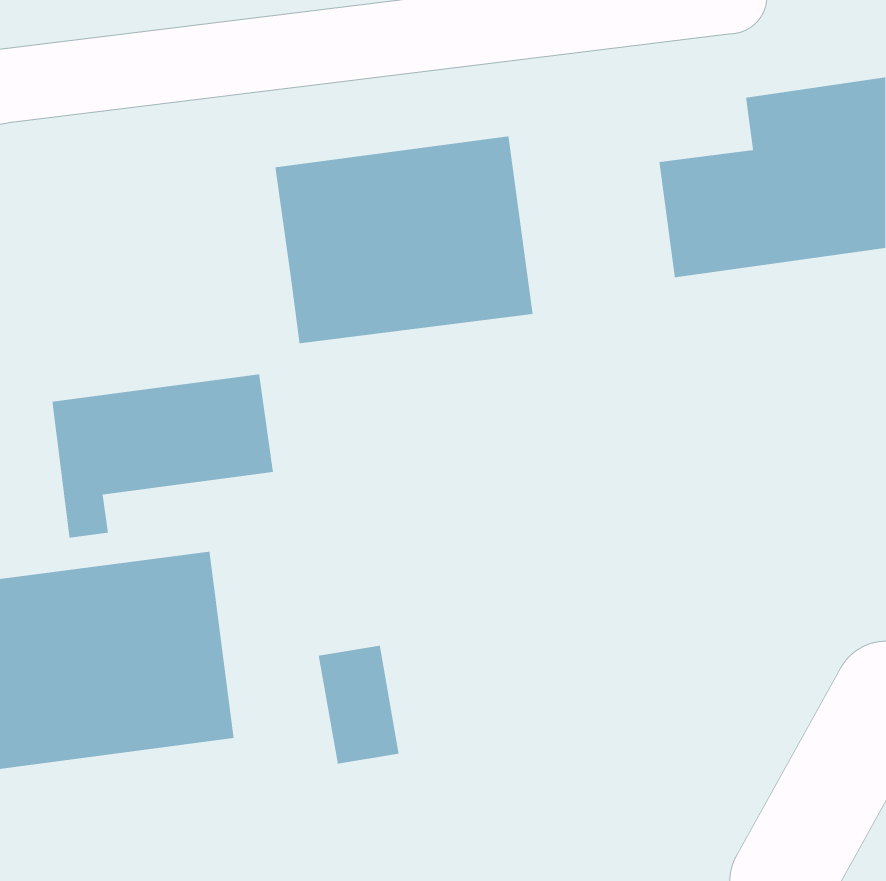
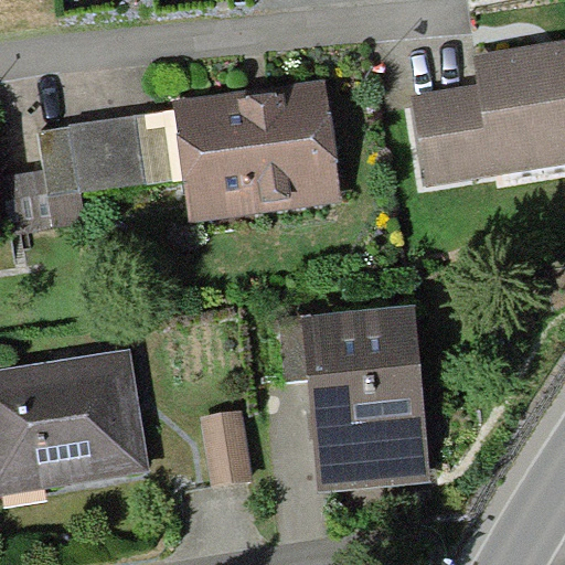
building: [51,373,274,539] -> [43,114,184,218]
building: none -> [299,310,428,493]

